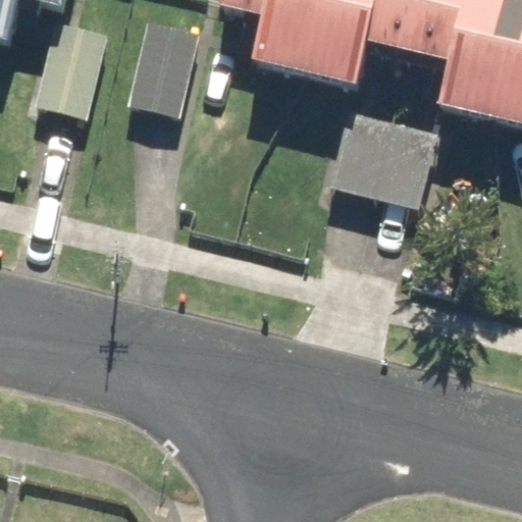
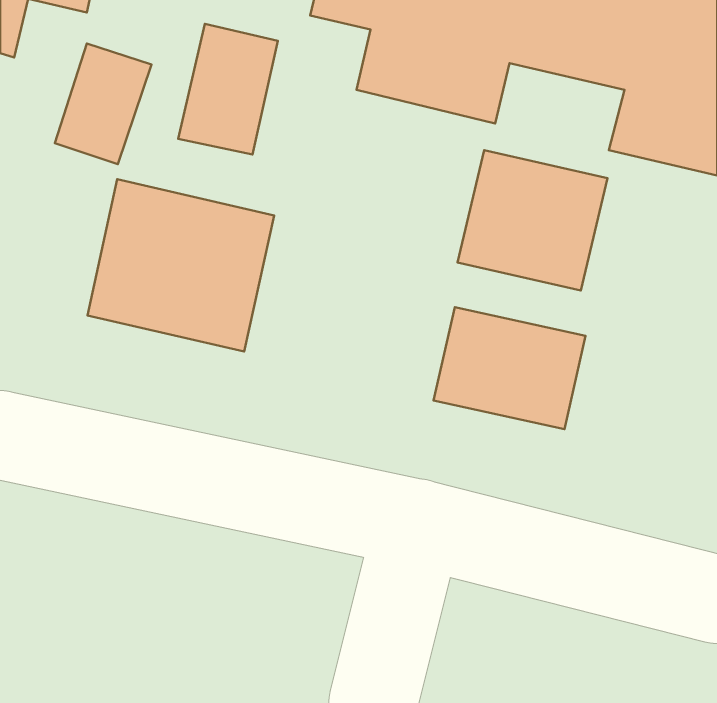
building: none -> [87,179,274,352]
building: none -> [433,307,586,429]

